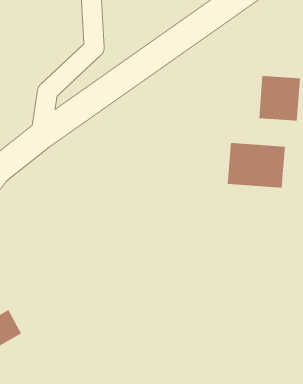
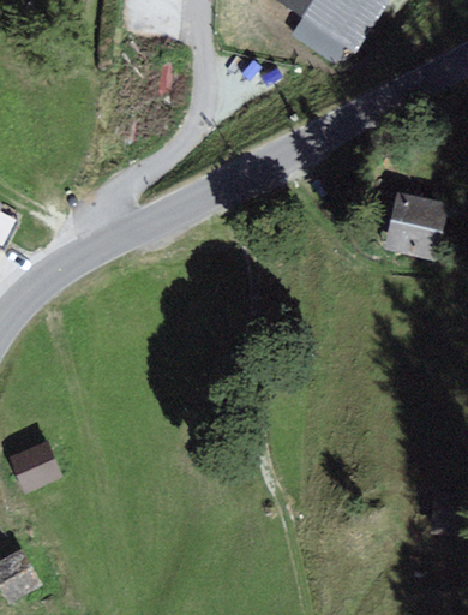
building: [227,142,286,189] -> none

